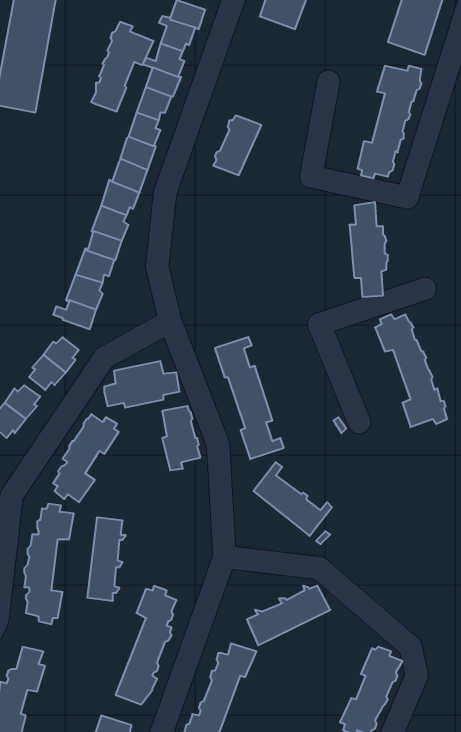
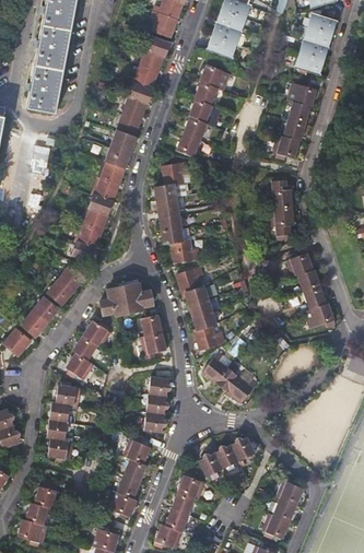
building: [91,22,154,112] -> [189,60,232,121]
building: none -> [155,162,199,262]
building: [87,517,126,601] -> [145,375,172,432]

